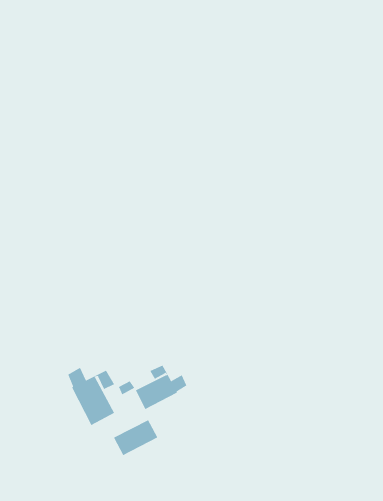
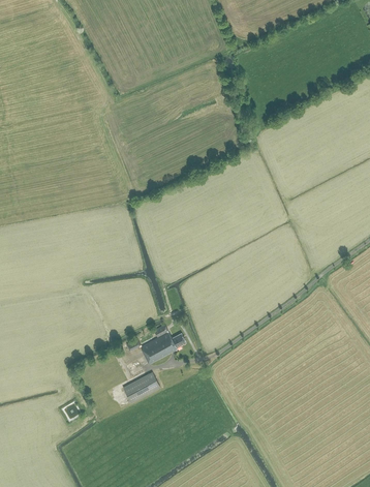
building: [67,367,115,426] -> none

